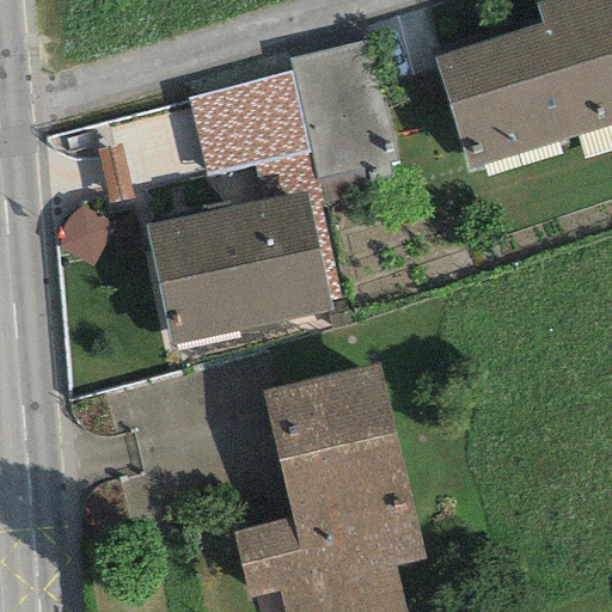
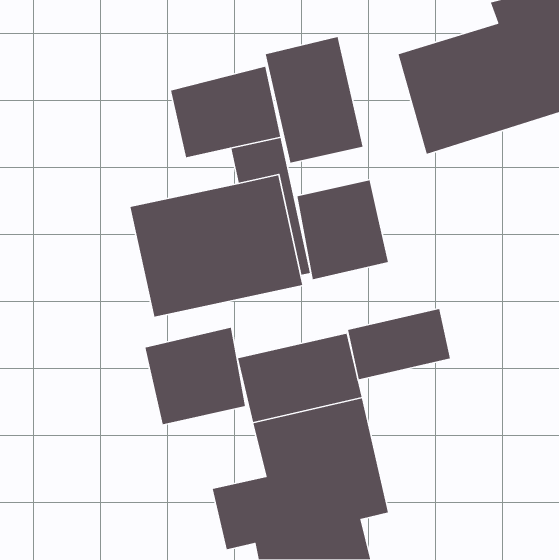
building: none -> [296,179,389,280]
building: none -> [347,308,451,380]
building: none -> [144,327,246,425]

